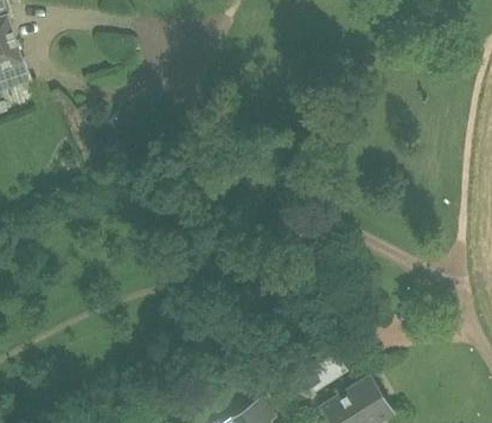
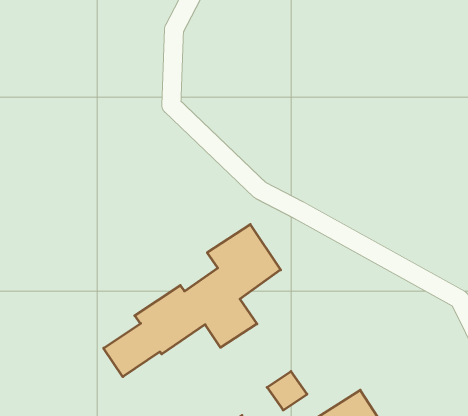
building: none -> [104,224,281,377]

